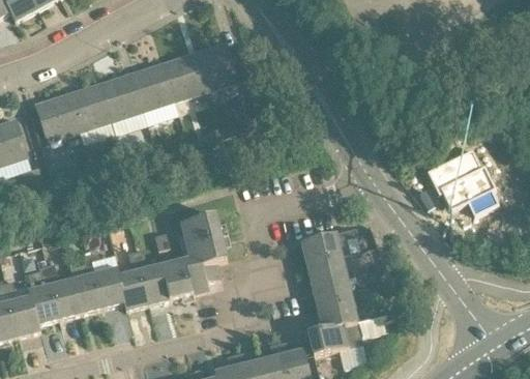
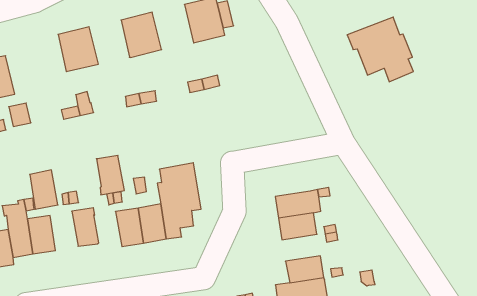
building: [160,53,205,100] -> none
building: [97,74,141,120] -> none
building: [34,93,78,141] -> none
building: [428,148,498,214] -> [347,17,413,82]
building: [117,269,148,311] -> [96,155,124,195]
building: [72,272,104,314] -> [30,170,58,209]
building: [311,276,351,307] -> none

